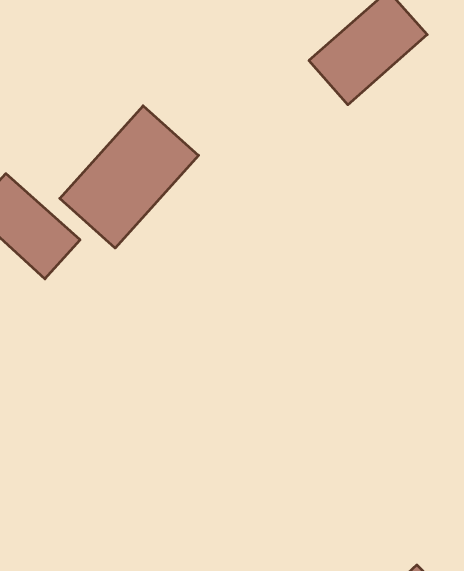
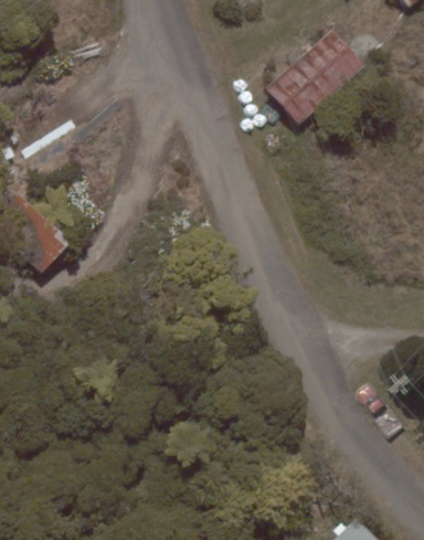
building: [60,106,199,248] -> none

